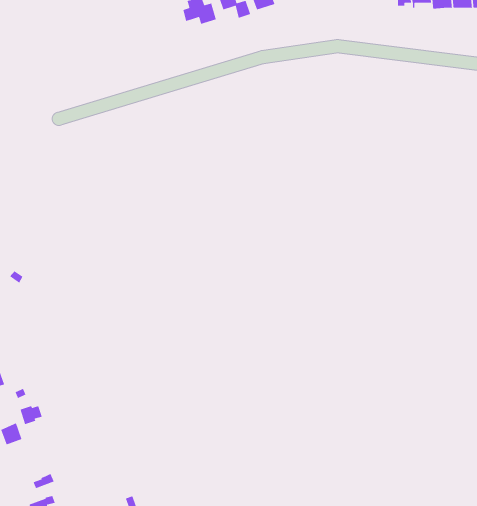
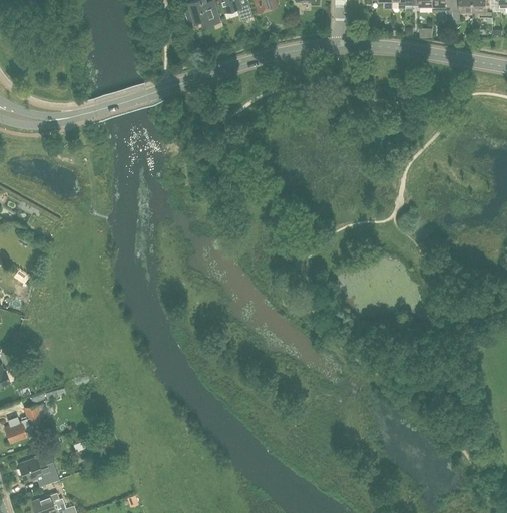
building: none -> [19,451,48,479]

